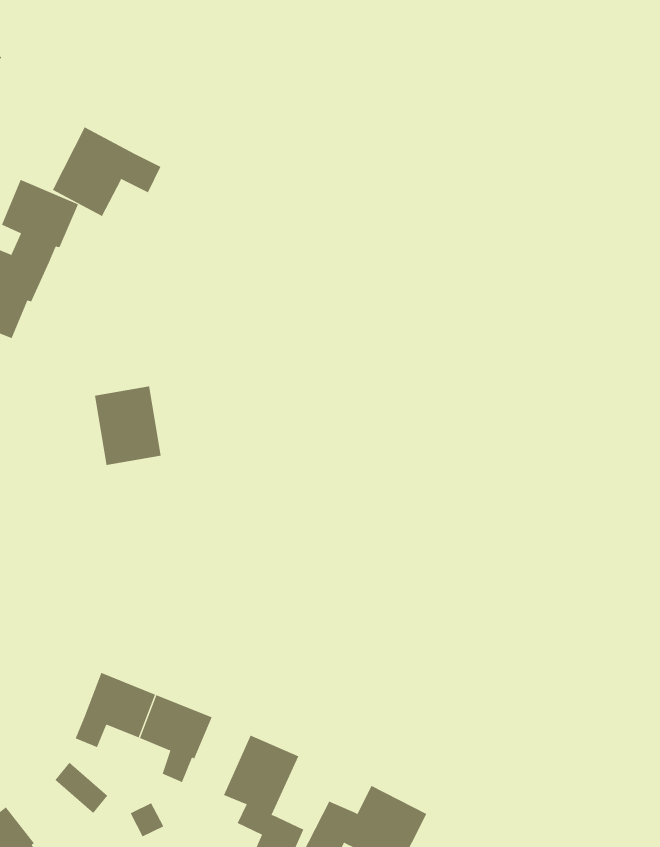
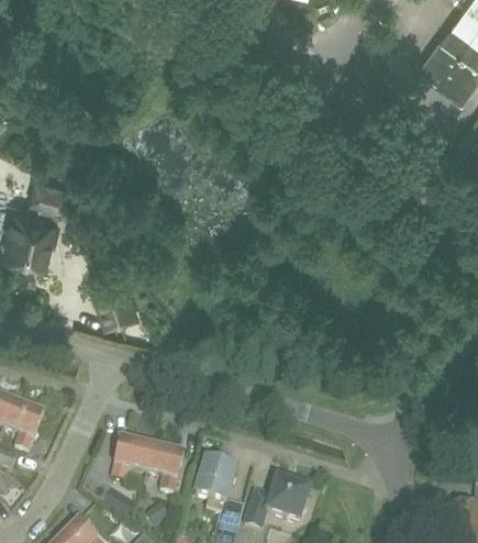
building: [52,126,161,217] -> none

